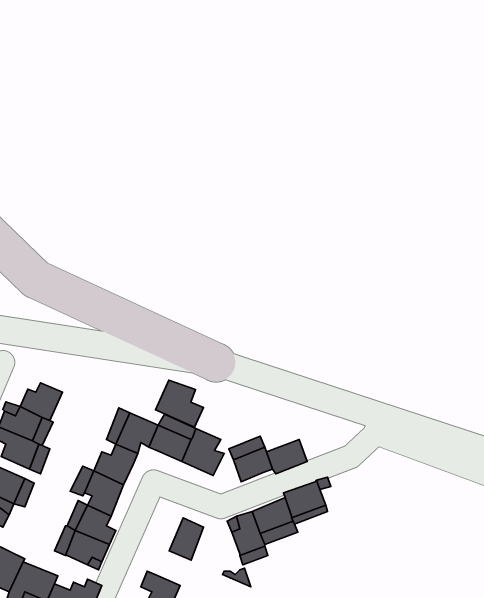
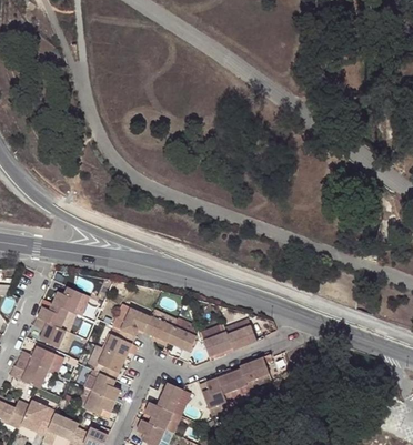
building: [155,380,204,427] -> none
building: none -> [145,402,182,434]

